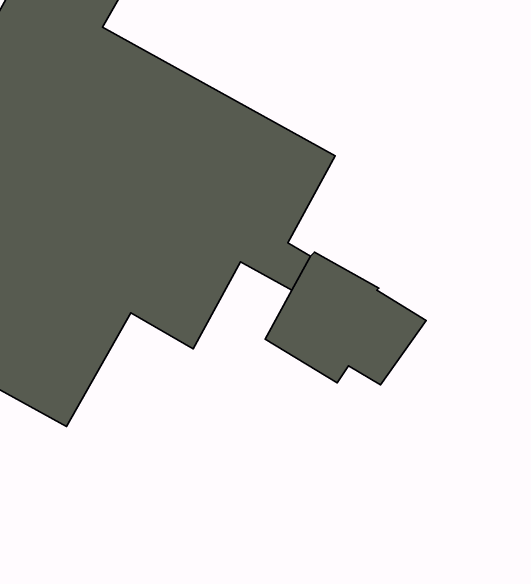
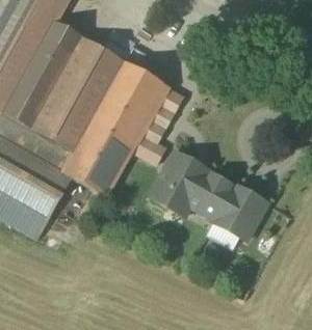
building: none -> [210,182,271,243]

